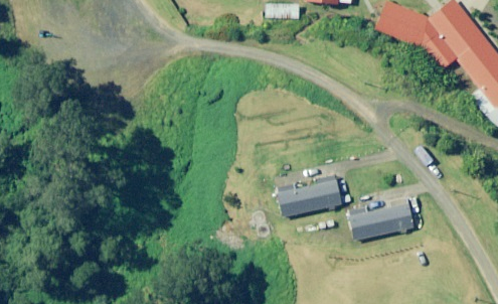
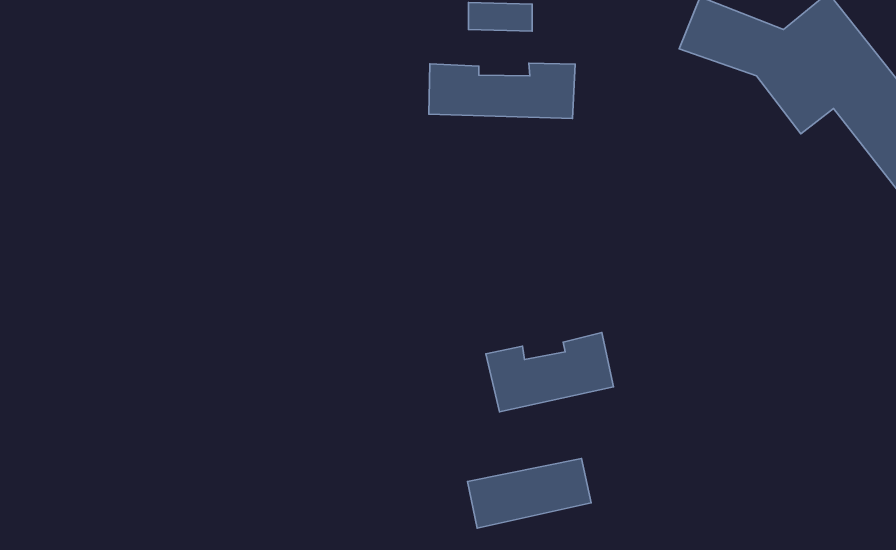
building: none -> [429,63,575,119]
building: [349,204,413,241] -> [468,458,591,528]

